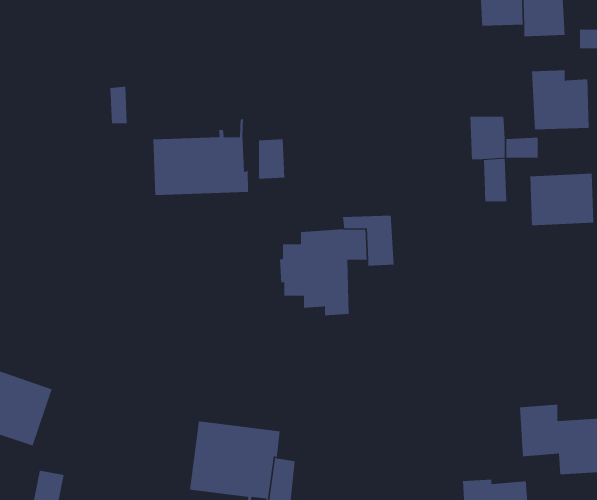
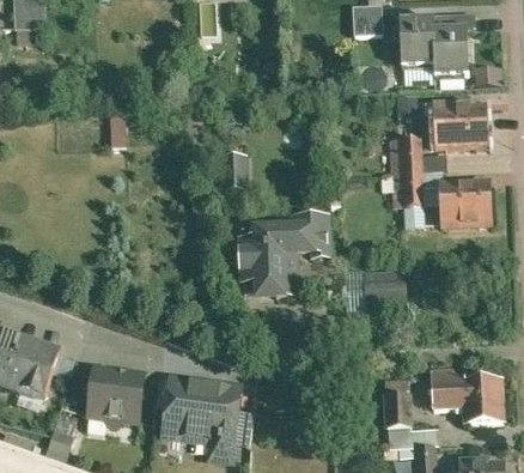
building: [153,118,248,196] -> none
building: none -> [365,272,404,307]
building: none -> [89,370,144,425]
building: none -> [383,393,409,427]

